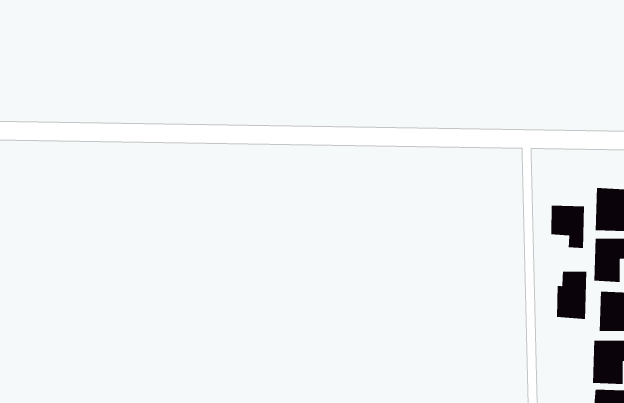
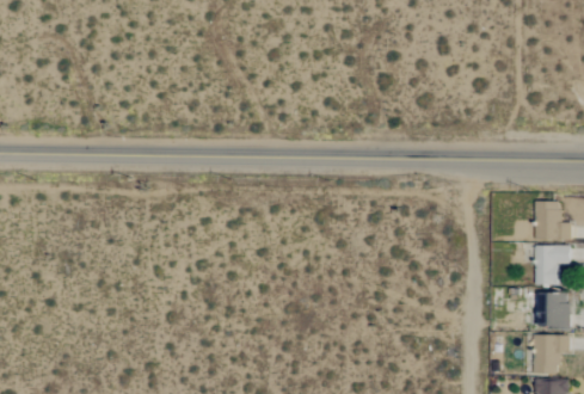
building: [550,205,585,249] -> none
building: [556,271,587,320] -> none

